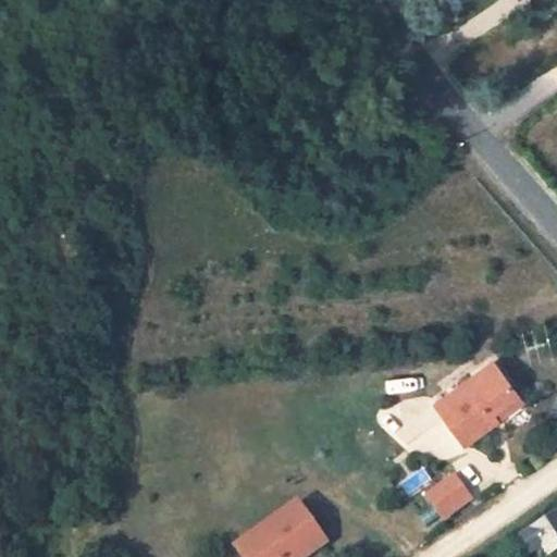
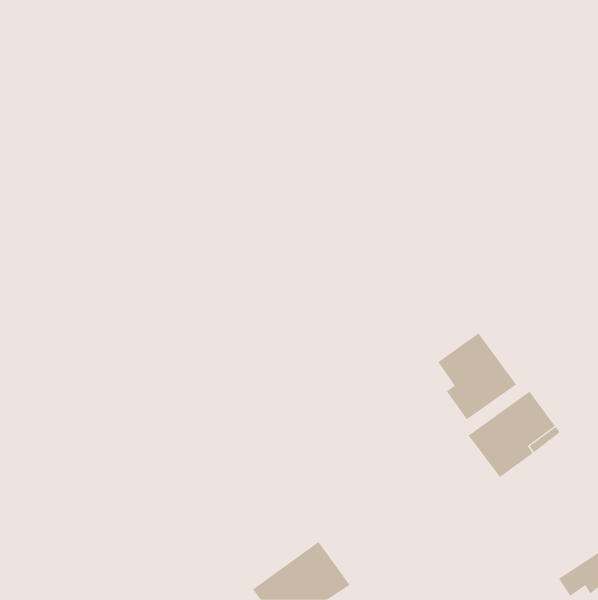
building: none -> [437,332,517,420]
building: [428,476,470,518] -> none

